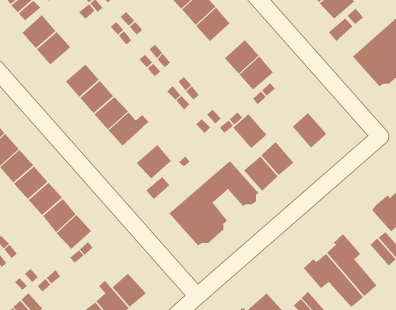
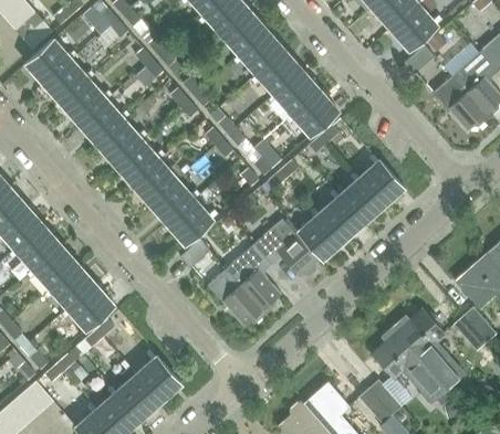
building: none -> [258,52,301,95]
building: none -> [62,82,105,124]
building: [232,113,267,149] -> [338,179,382,223]
building: none -> [150,180,194,223]

